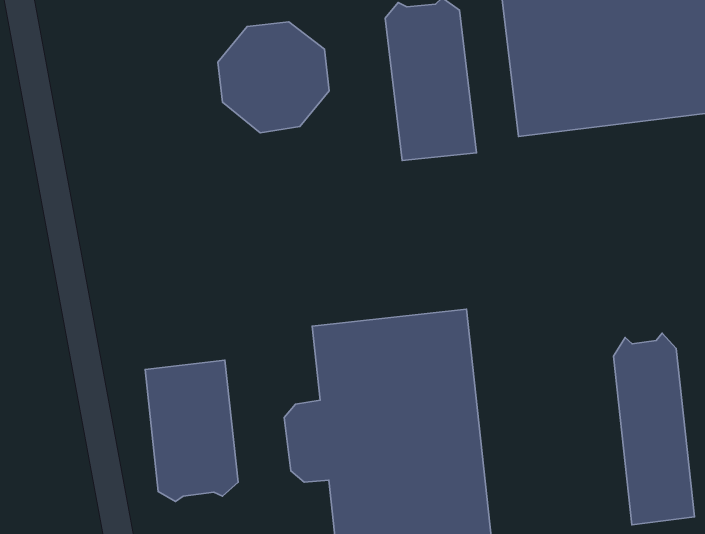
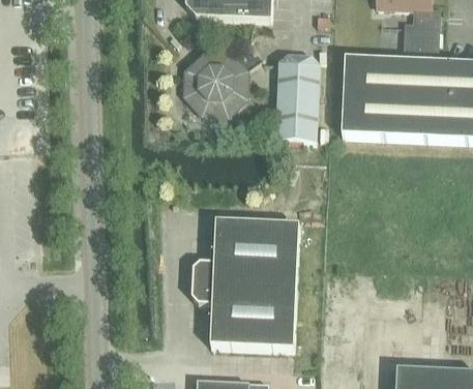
building: [614,333,695,525] -> none
building: [145,360,238,502] -> none

